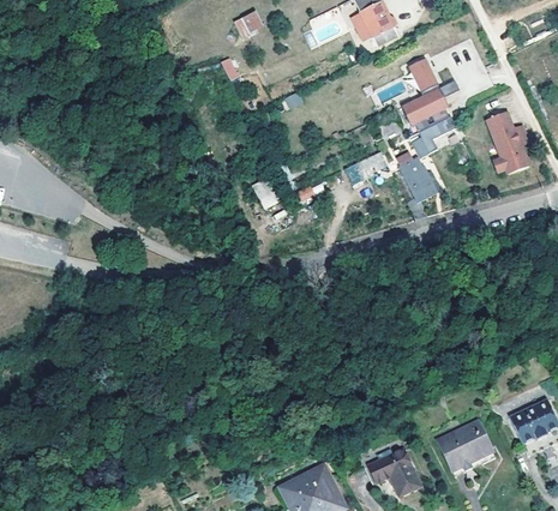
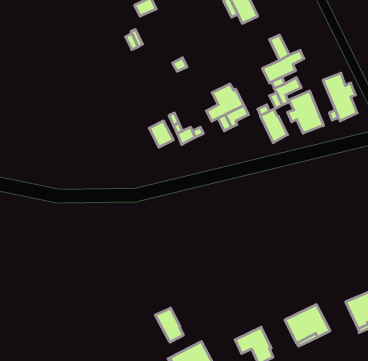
building: none -> [206,84,244,121]
building: none -> [287,91,324,133]
building: none -> [155,308,183,342]

